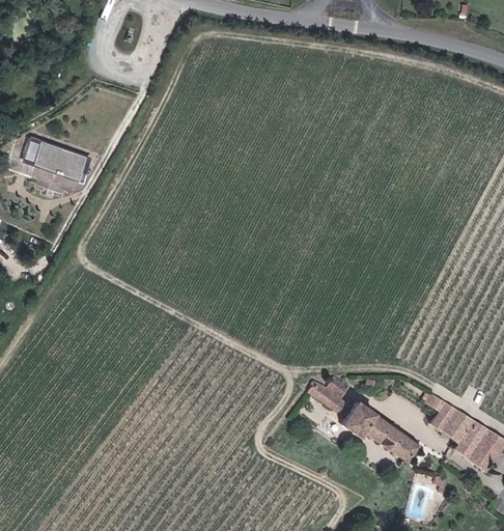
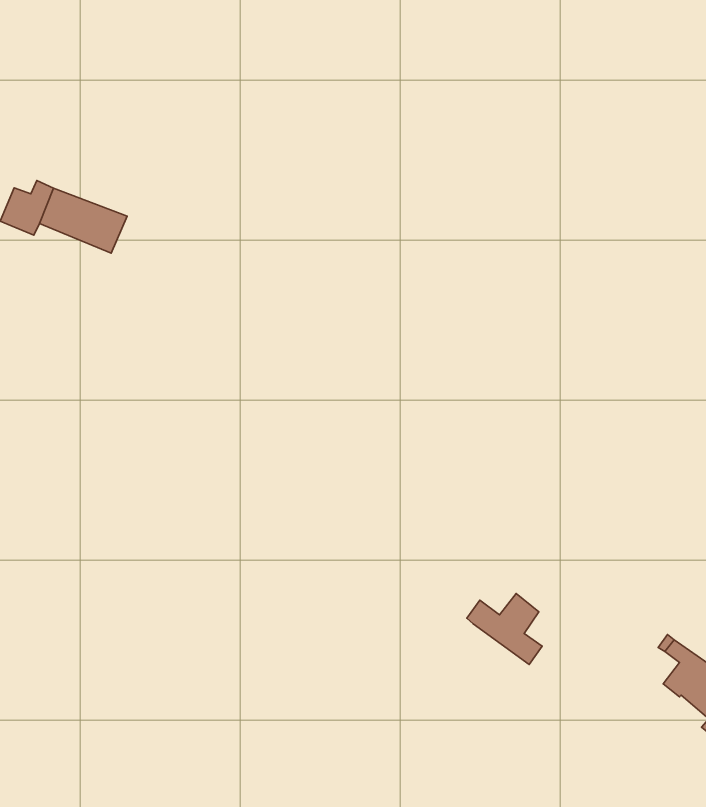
building: [342,401,419,462] -> none

